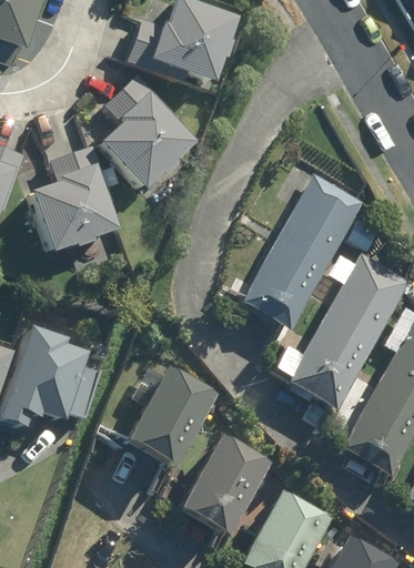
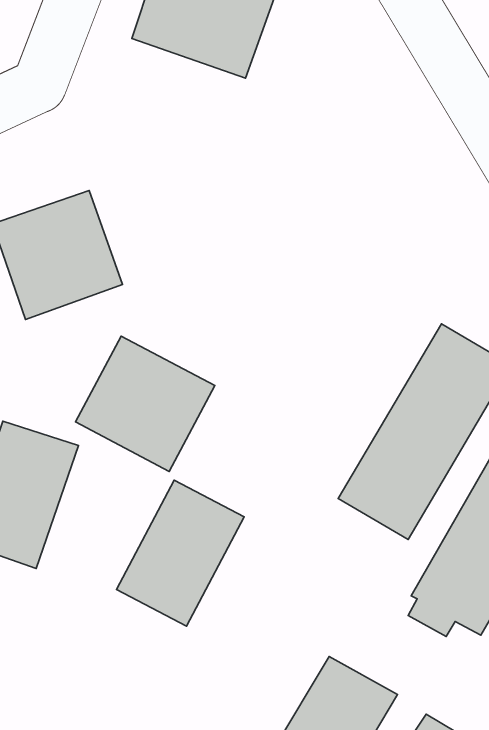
building: [94,81,198,185] -> none
building: [238,173,378,332] -> none
building: none -> [75,336,215,471]
building: [175,439,270,544] -> none

